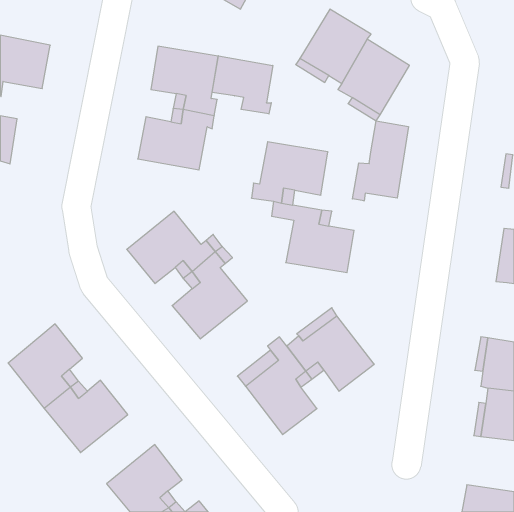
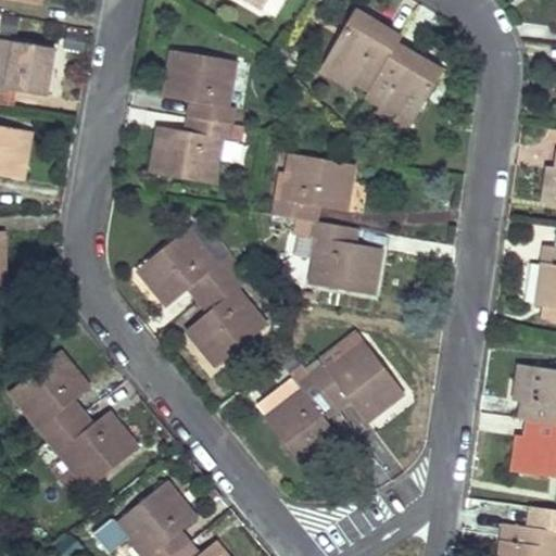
building: [212,56,273,114] -> none
building: [352,121,408,201] -> none

